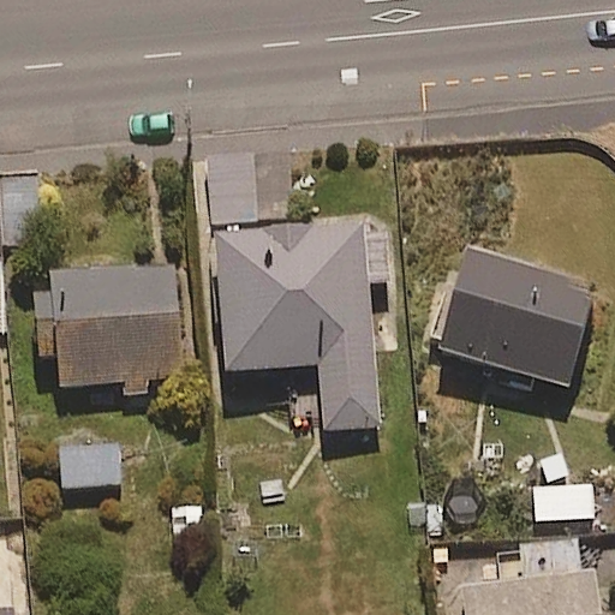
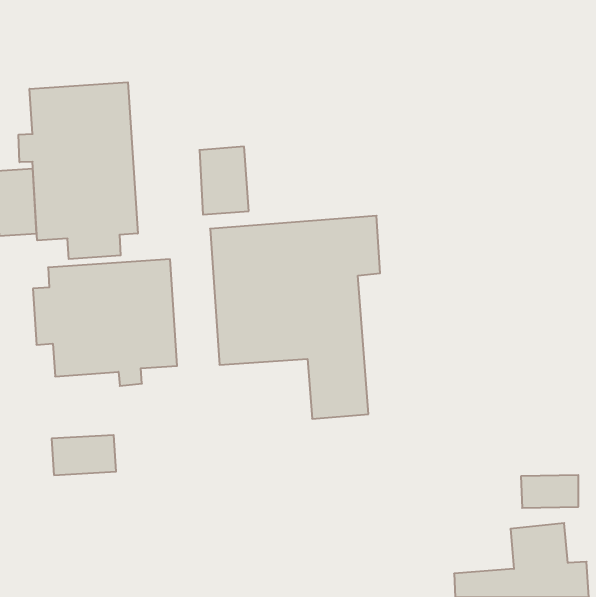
building: none -> [19,82,138,259]
building: [438,245,597,387] -> none

